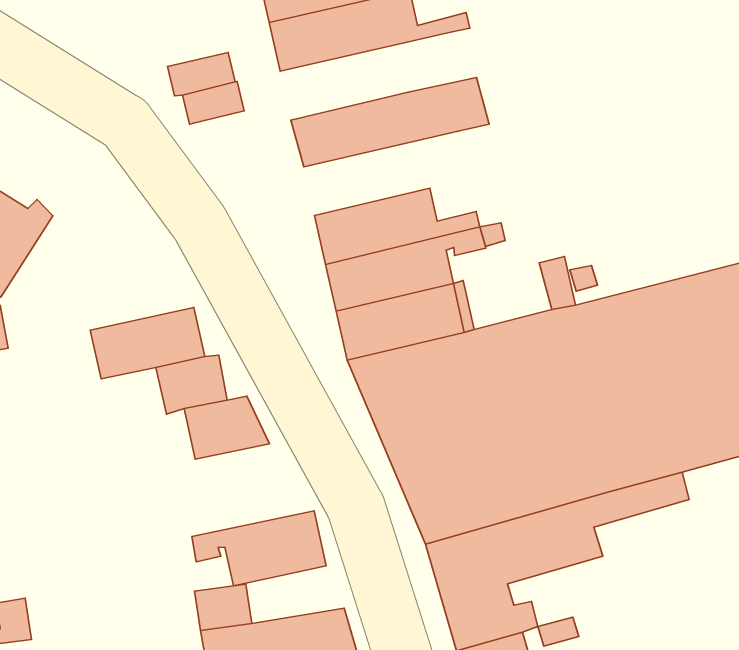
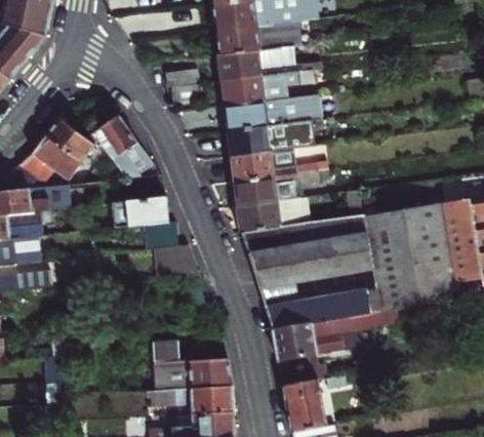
building: none -> [221,69,313,106]
building: none -> [229,120,313,156]
building: none -> [90,115,153,181]
building: [192,511,326,586] -> none

